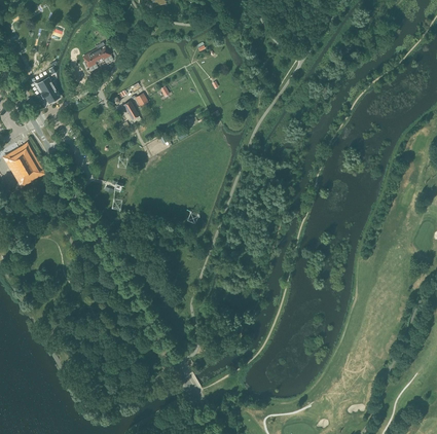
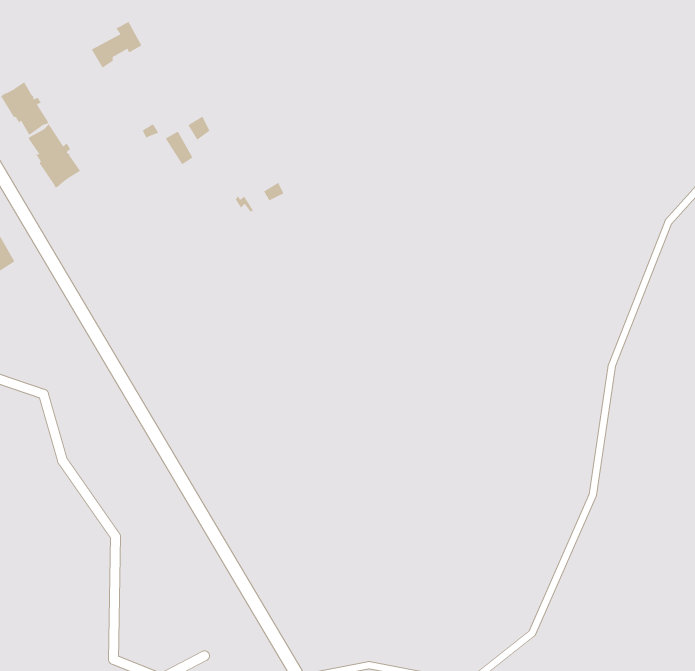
building: none -> [28,124,81,188]

